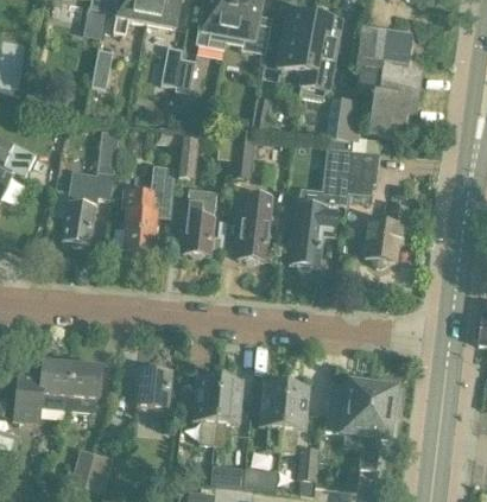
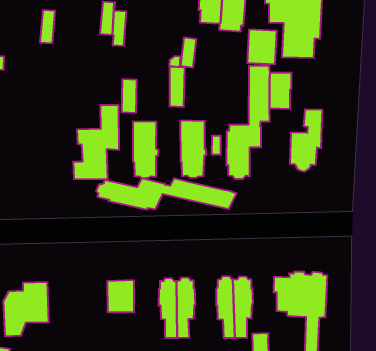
building: [64,128,119,243] -> none
building: none -> [96,178,236,210]
building: [68,362,102,411] -> none

